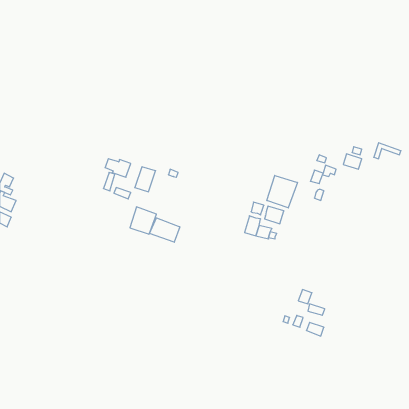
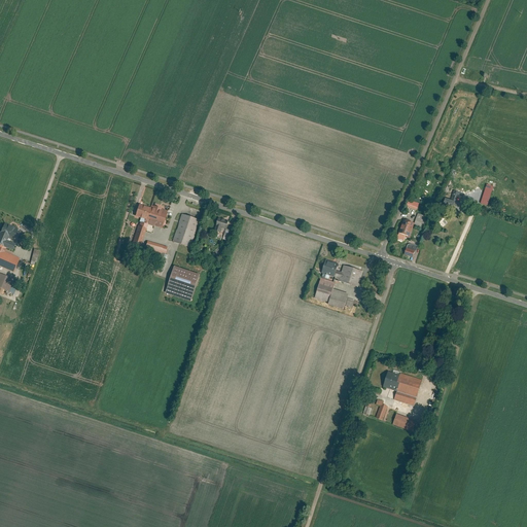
building: [267,175,297,208] -> none
building: [149,218,180,242] -> none
building: none -> [395,373,422,396]

